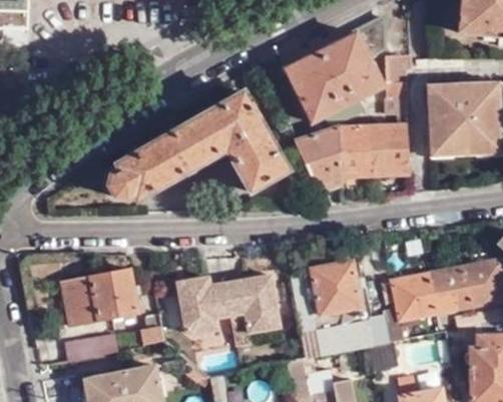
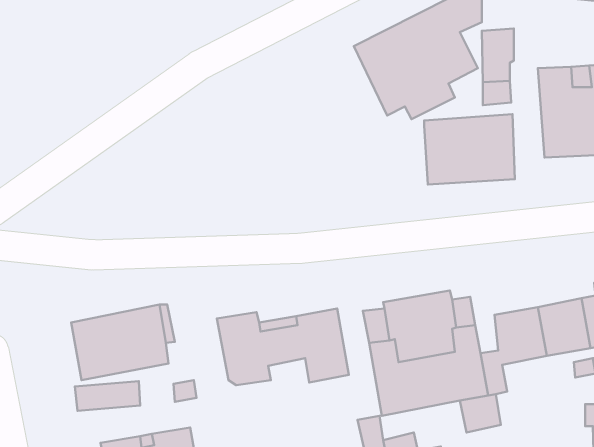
building: [107,91,286,200] -> none
building: [294,130,341,194] -> none

